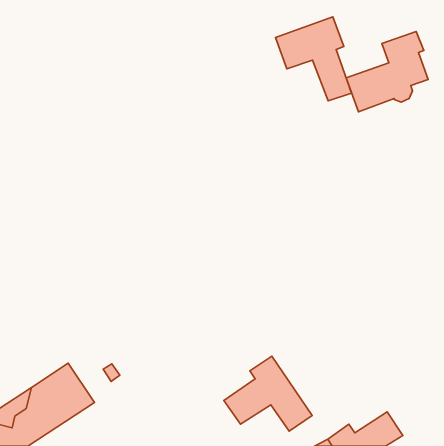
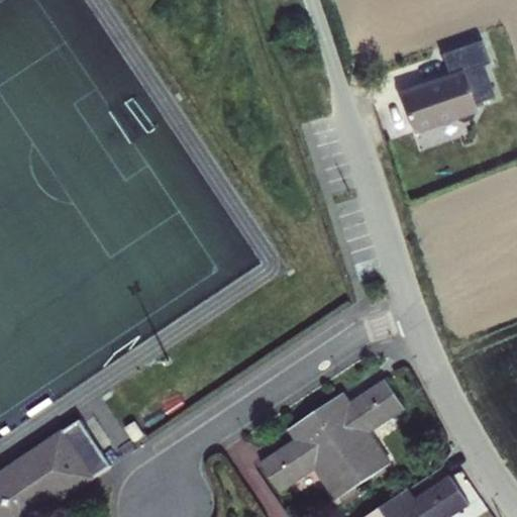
building: [276,17,352,101] -> none
building: none -> [314,381,402,481]

